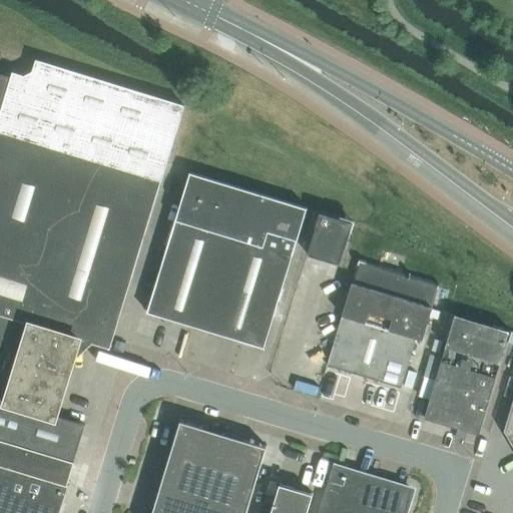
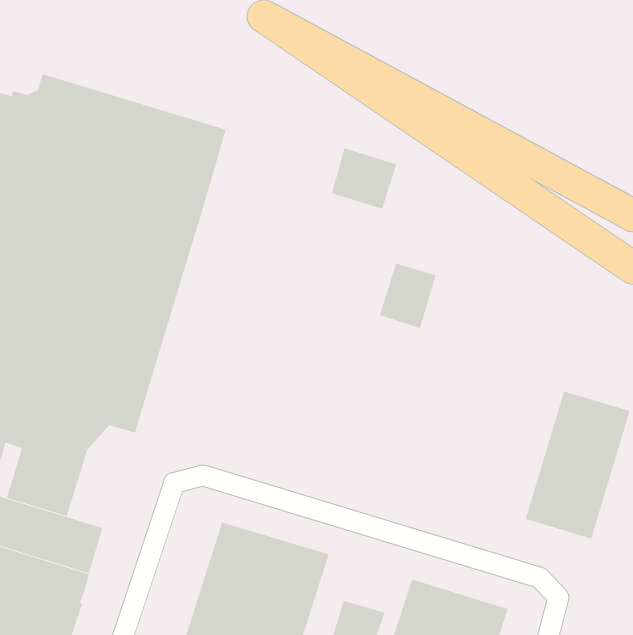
building: none -> [331,147,397,209]
building: [146,173,306,349] -> none
building: [322,261,437,401] -> none

